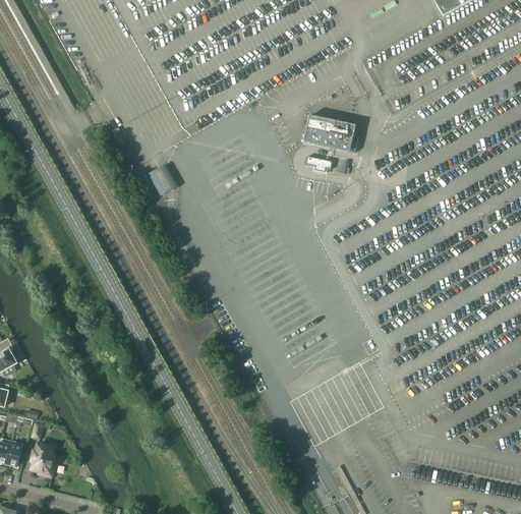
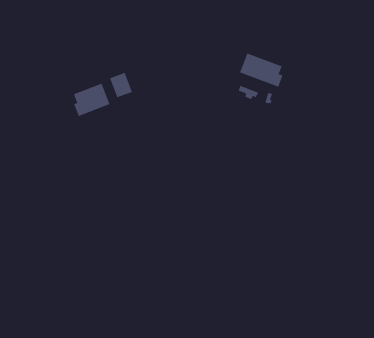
building: none -> [73,83,110,117]

